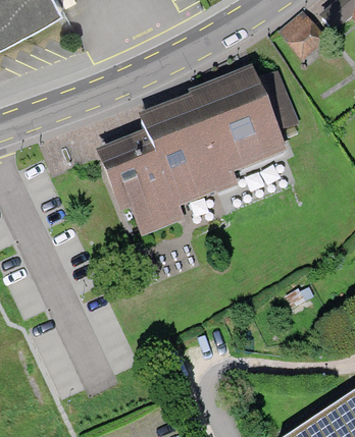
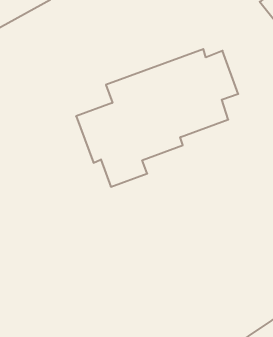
building: [280,13,323,58] -> none

